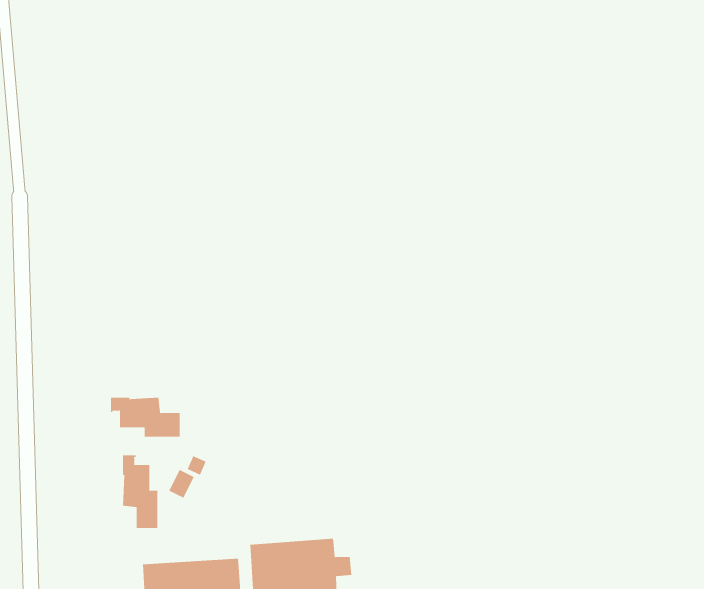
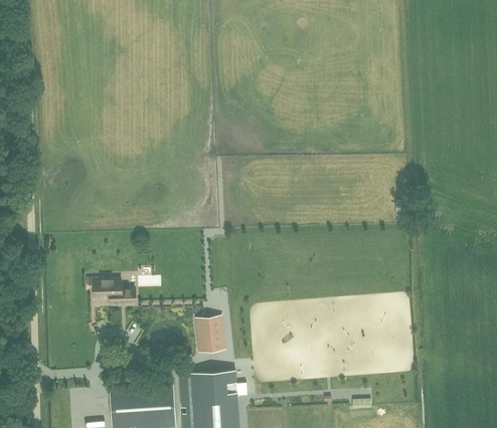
building: none -> [197,316,226,352]
building: [122,455,158,529] -> none

